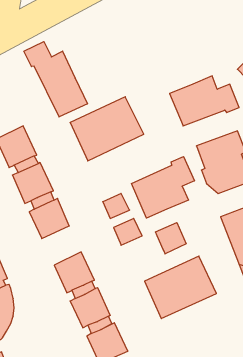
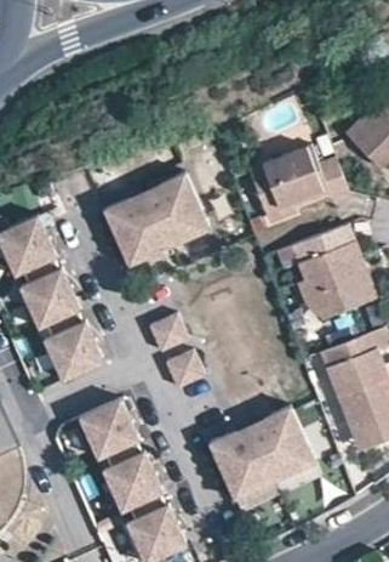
building: [24,42,87,117] -> none
building: [132,157,194,218] -> none
building: [155,223,186,254] -> none

